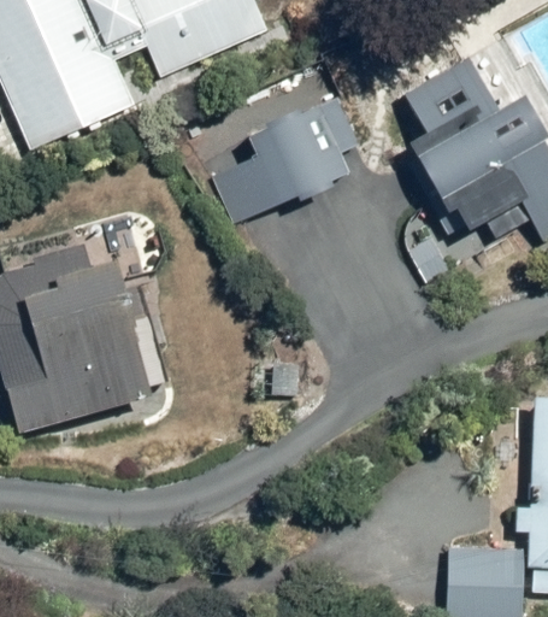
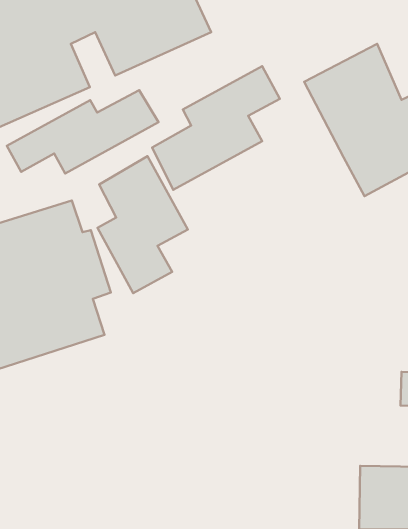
building: none -> [7,90,159,173]
building: none -> [97,156,188,293]

